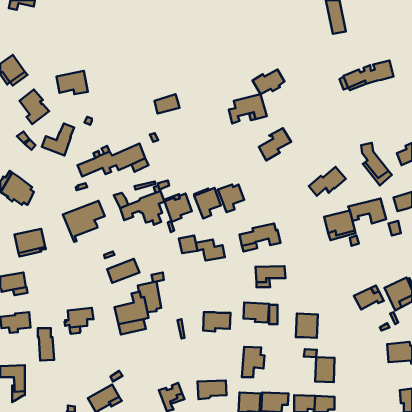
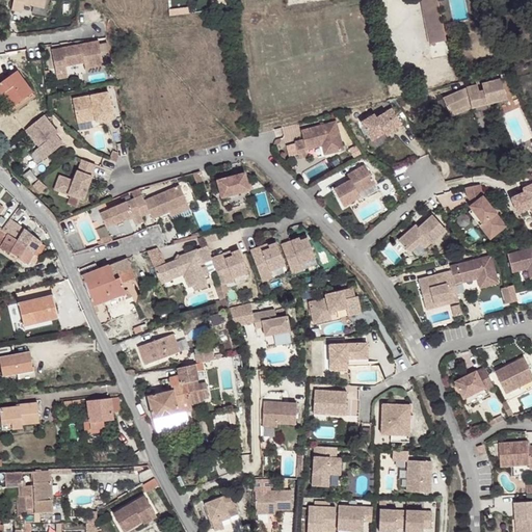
building: none -> [52,41,103,69]
building: [252,69,285,94] -> [361,108,402,140]
building: [154,94,179,114] -> [217,172,249,197]
building: [38,328,54,361] -> [32,471,53,512]

